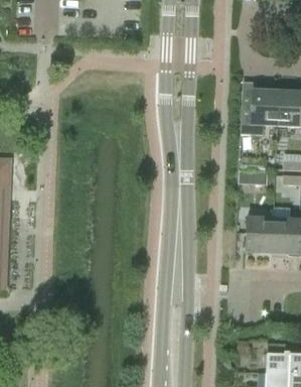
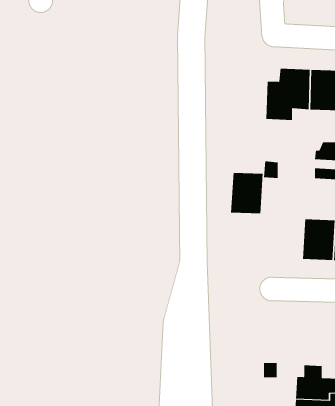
building: [245,218,273,253] -> [230,172,263,214]

